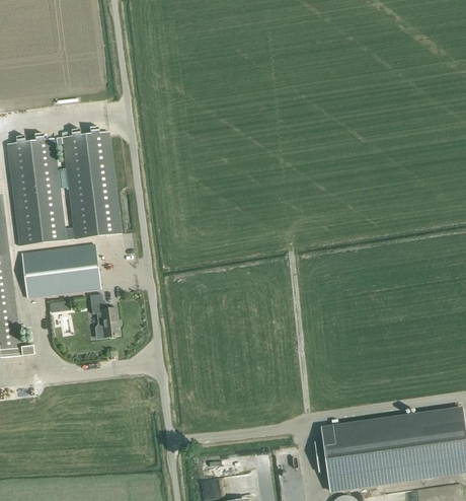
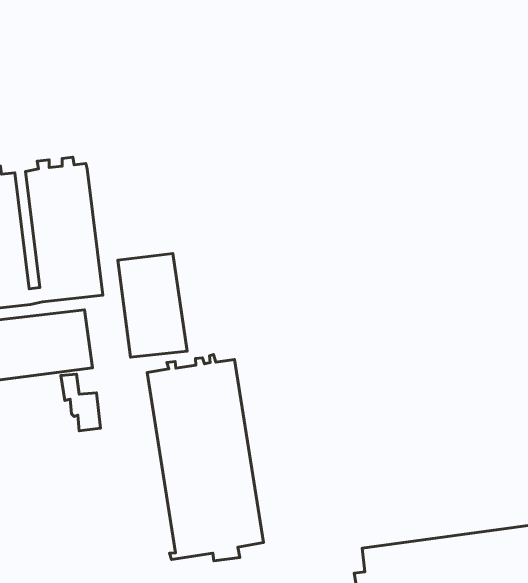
building: none -> [118,253,187,357]
building: none -> [147,355,263,561]

